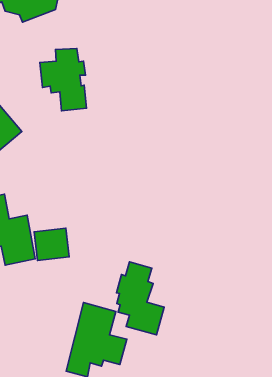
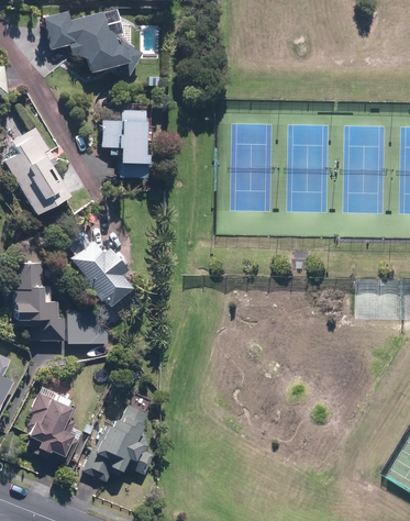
building: none -> [56,225,132,309]
building: [116,262,164,335] -> [27,379,80,466]

